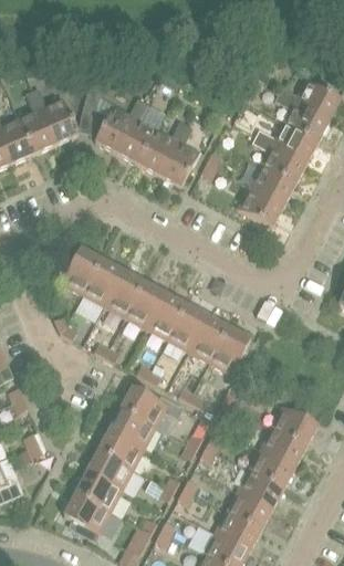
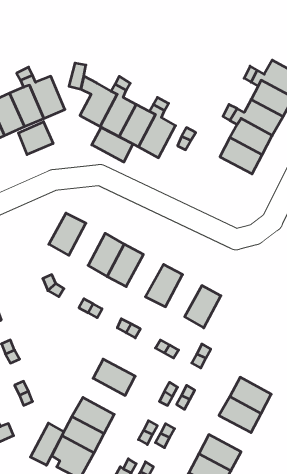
building: none -> [18,122,53,155]
building: none -> [92,127,133,162]
building: [237,186,284,227] -> none
building: [83,259,123,305] -> none
building: [146,293,187,339] -> none
building: [189,315,229,361] -> none
building: [121,386,184,427] -> none
building: [271,406,317,447] -> none
building: [98,429,145,469] -> none
building: [237,470,283,510] -> none
building: none -> [30,423,64,465]

